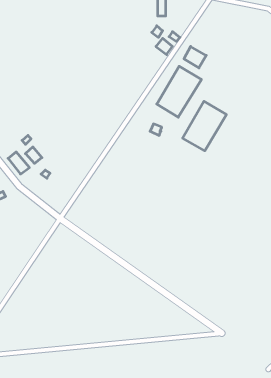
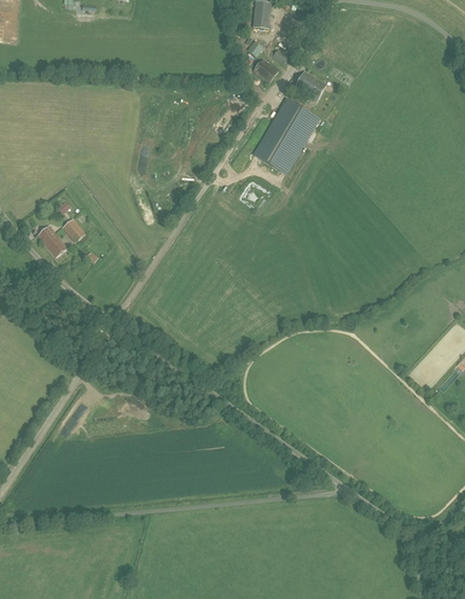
building: [183,101,226,151] -> none

